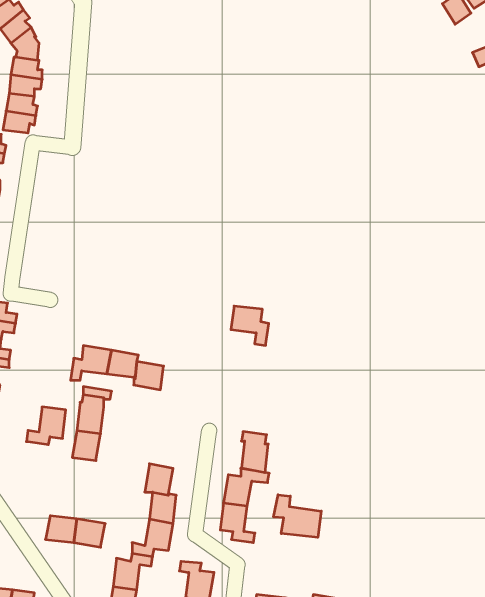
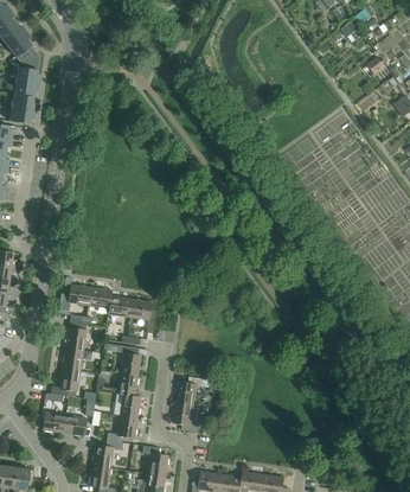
building: [231,306,269,345] -> [129,299,158,328]
building: [26,407,66,445] -> [51,368,81,396]
building: [241,432,268,473] -> [121,345,141,376]
building: [274,495,321,537] -> none

